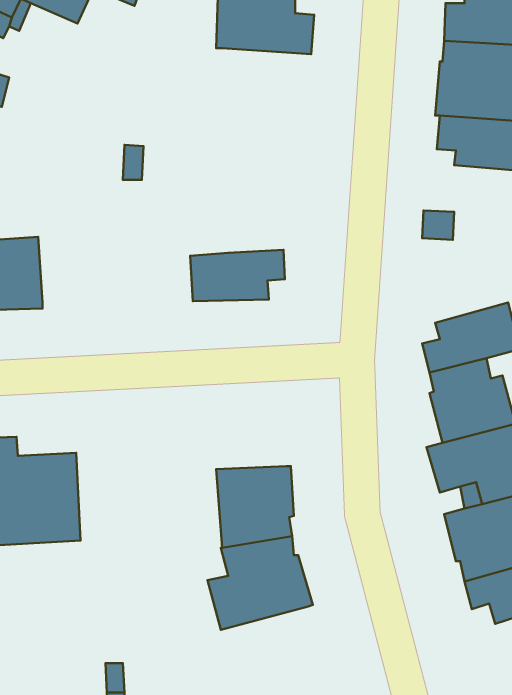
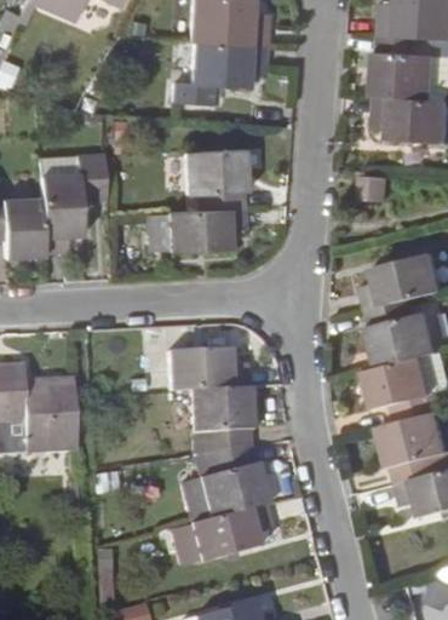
building: none -> [172,41,268,103]
building: none -> [185,150,247,211]
building: none -> [40,155,107,252]
building: none -> [167,348,247,391]
building: none -> [171,504,271,566]

